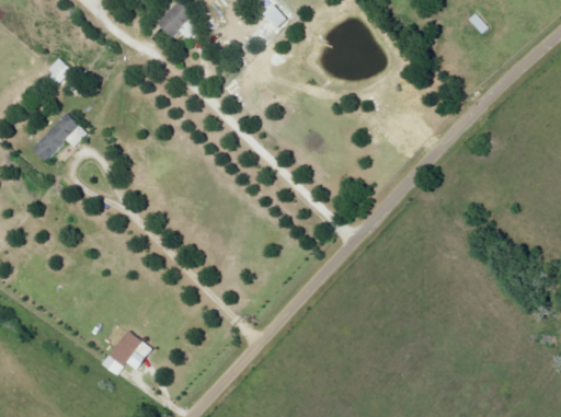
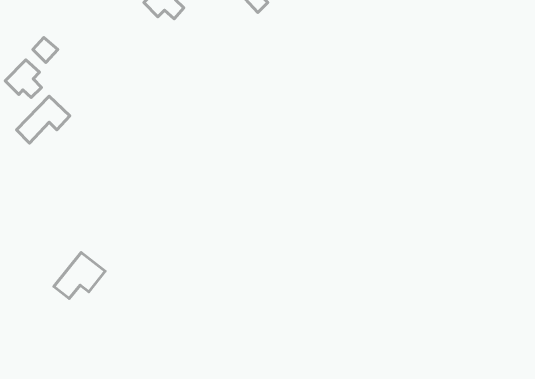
building: none -> [5,60,42,98]
building: [101,328,152,374] -> [54,253,105,298]

